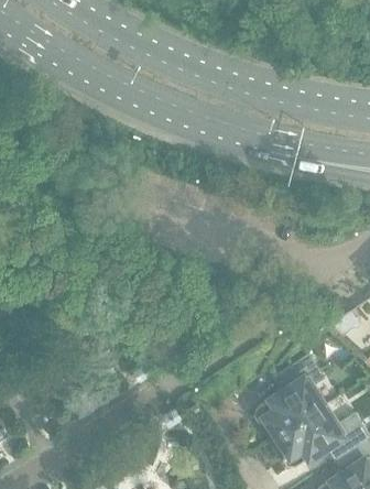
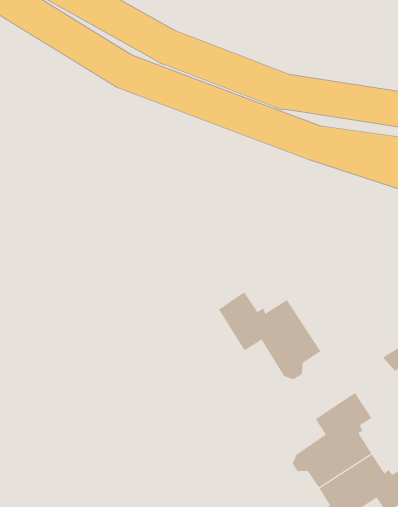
building: none -> [218,292,321,380]

